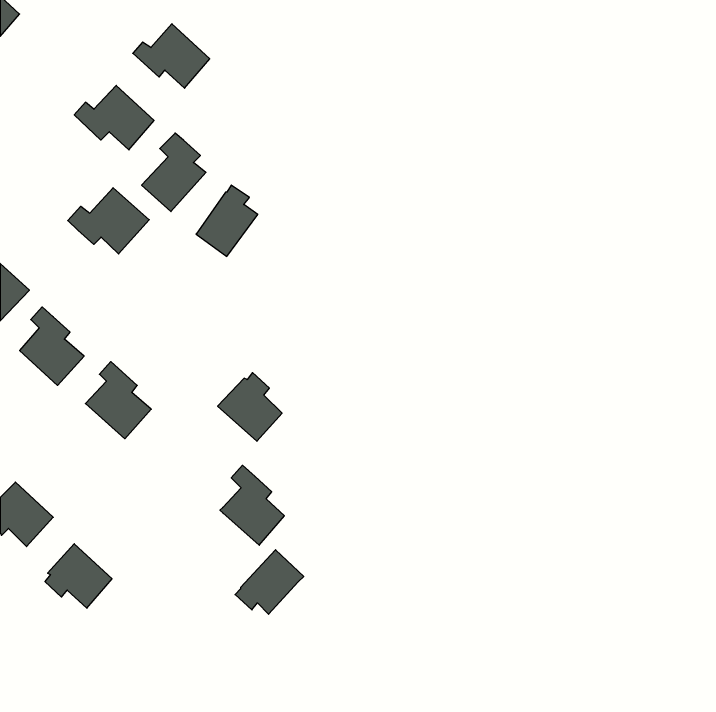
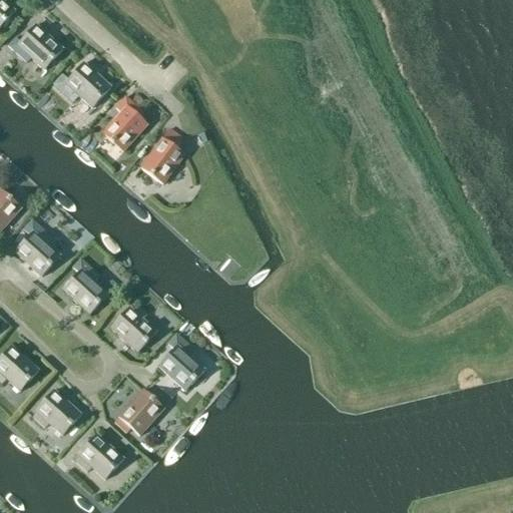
building: [133,24,210,88] -> [7,23,62,69]
building: [68,188,149,254] -> none
building: [218,373,282,441] -> [109,303,155,352]
building: [235,550,304,614] -> [114,389,163,435]
building: none -> [74,433,123,479]

